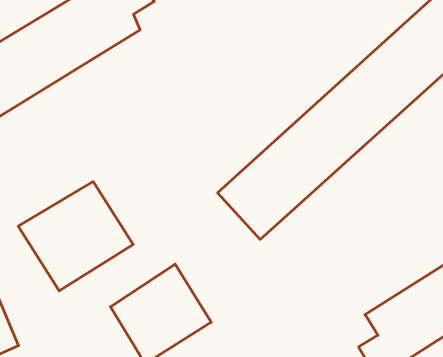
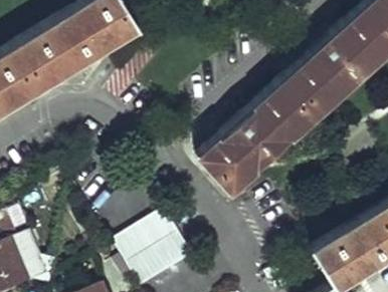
building: [18,182,133,291] -> none

